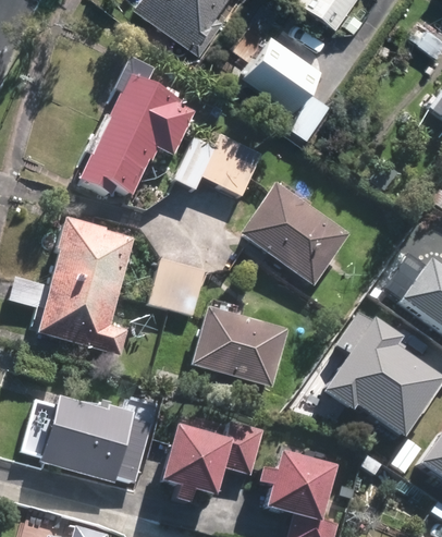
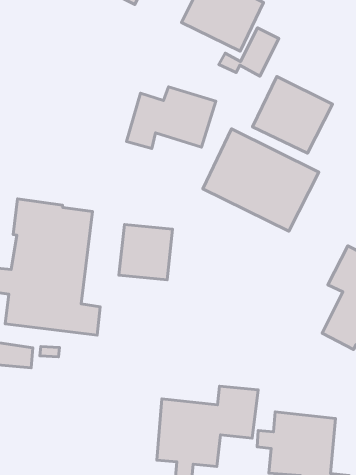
building: [77,59,195,197] -> none
building: none -> [252,77,332,153]
building: [189,307,288,388] -> none
building: [39,398,149,477] -> none

